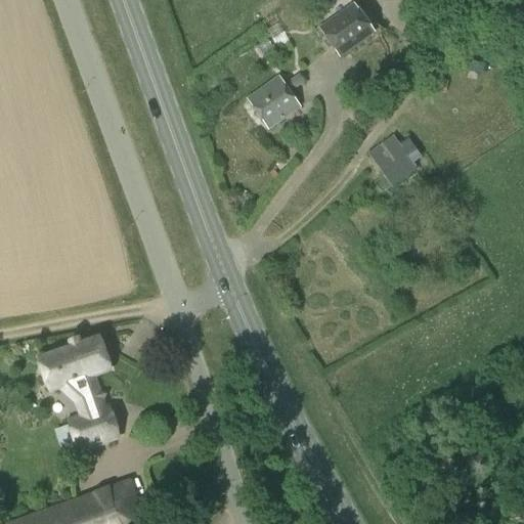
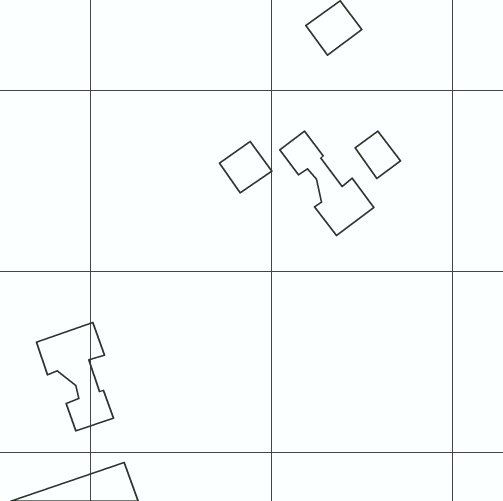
building: [248,75,302,128] -> [220,142,272,193]
building: none -> [280,131,374,236]

